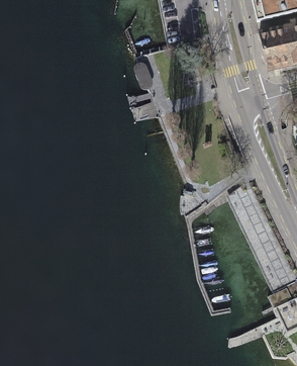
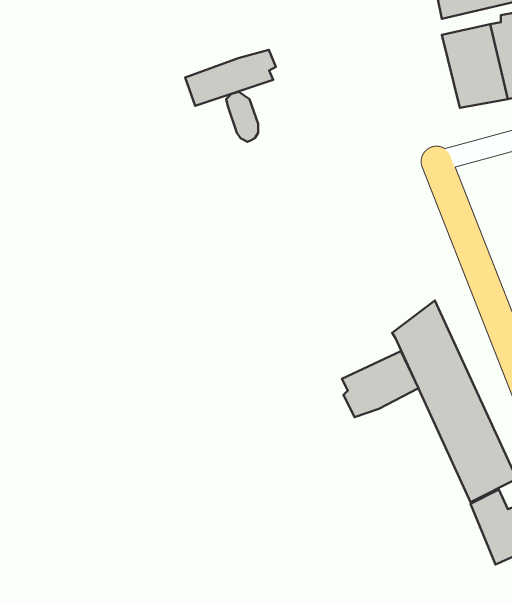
building: none -> [185,50,276,106]
building: none -> [342,351,418,417]

